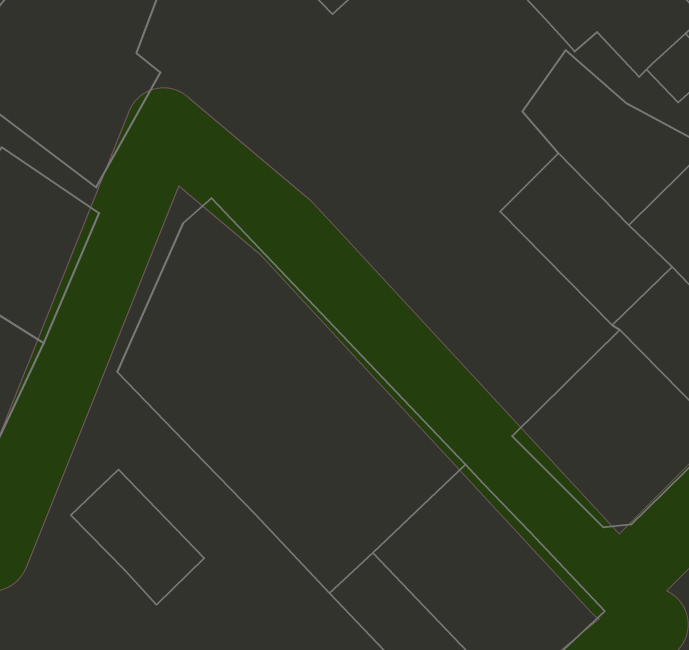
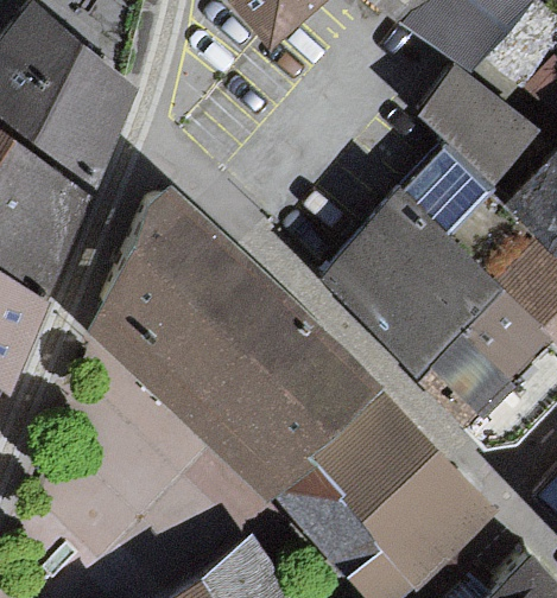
building: none -> [317,190,499,370]
building: [71,470,204,605] -> none

